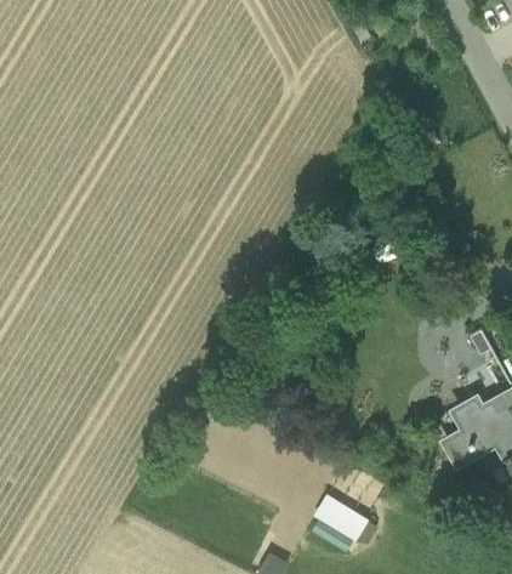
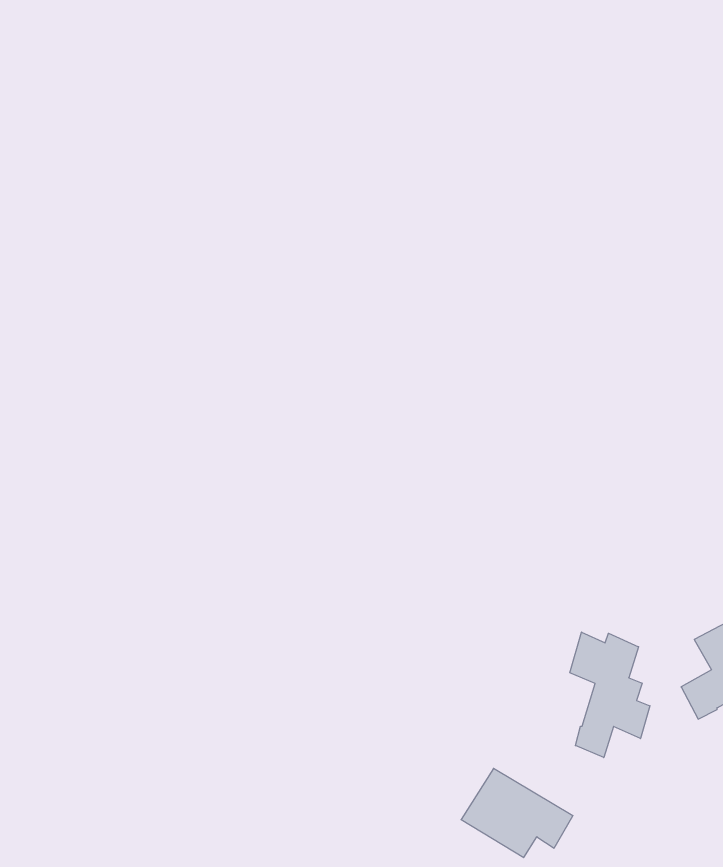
building: none -> [570,632,650,758]

